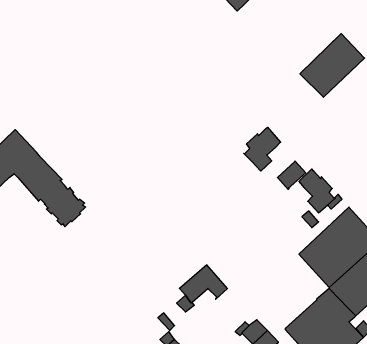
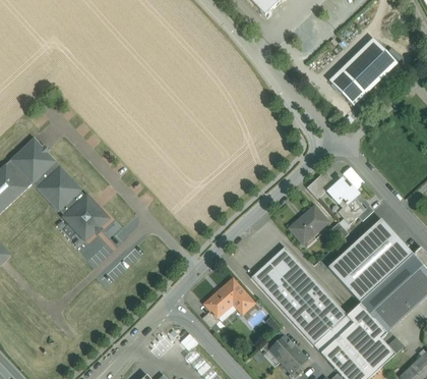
building: [244,127,281,171] -> none
building: none -> [290,206,327,242]
building: none -> [251,247,347,345]

